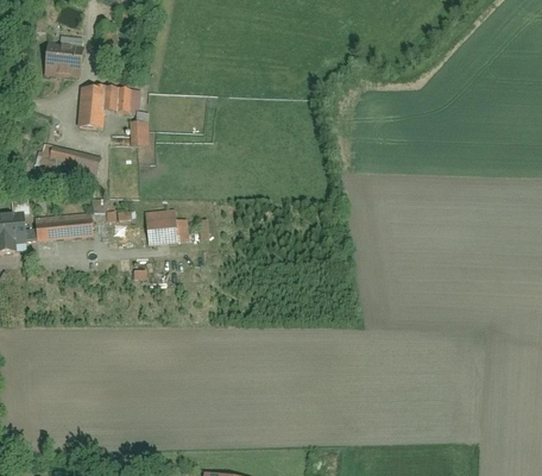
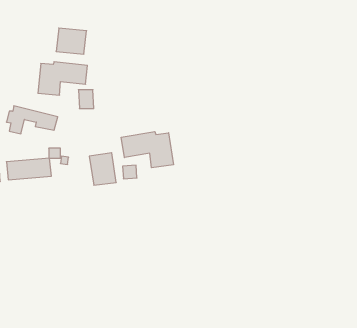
building: [44,43,84,77] -> [56,28,87,54]
building: none -> [121,132,173,168]

